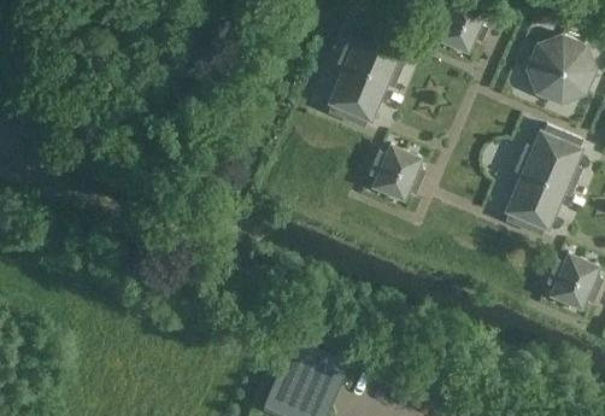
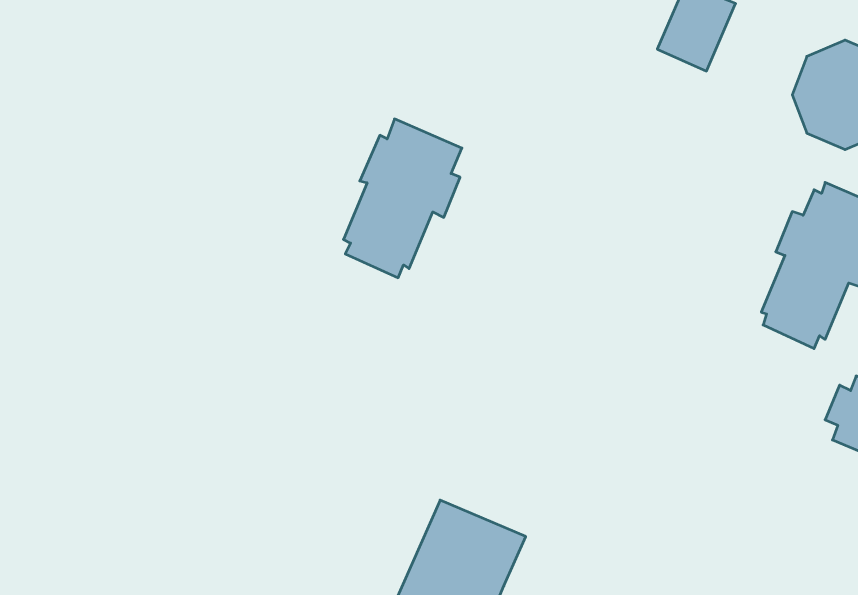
building: [327,23,405,128] -> [343,119,462,278]
building: [366,142,424,200] -> none

